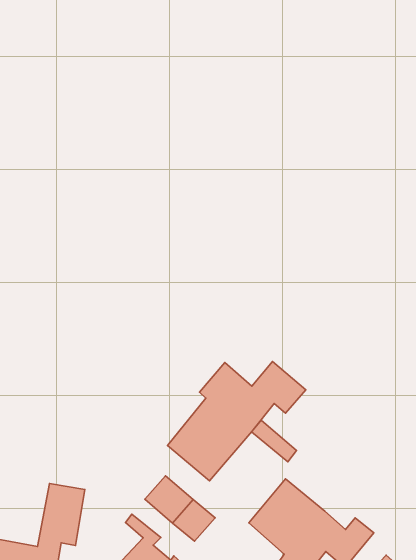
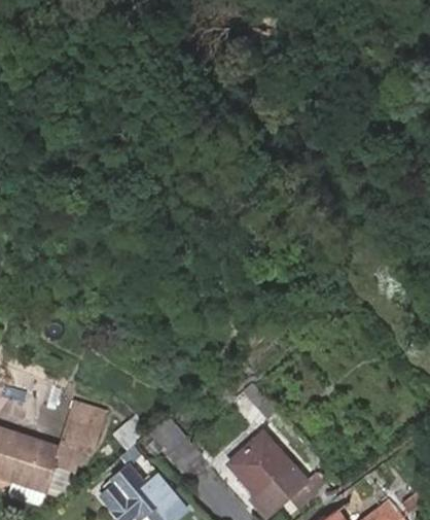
building: [167,361,306,481] -> none

